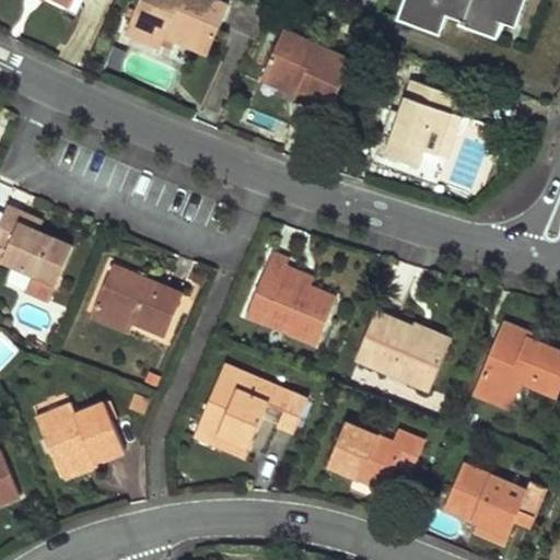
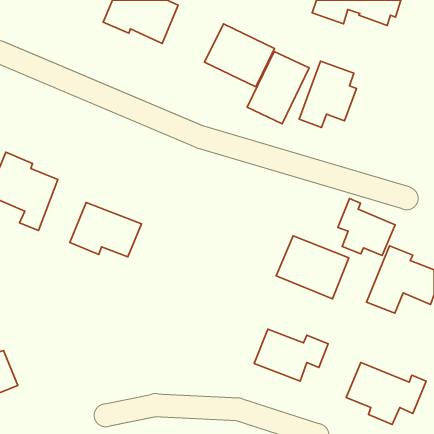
building: none -> [247,51,309,124]
building: [243,254,335,341] -> none
building: none -> [338,199,395,256]
building: [194,371,306,462] -> none
building: [37,410,128,488] -> none

